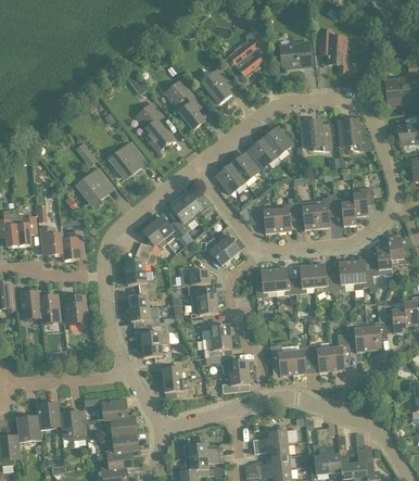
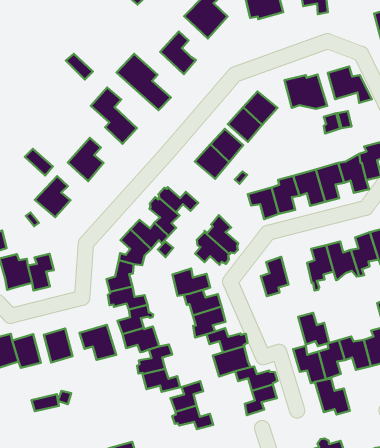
building: [272,266,294,294] -> [298,313,329,346]
building: none -> [80,325,116,360]
building: none -> [315,378,350,415]

